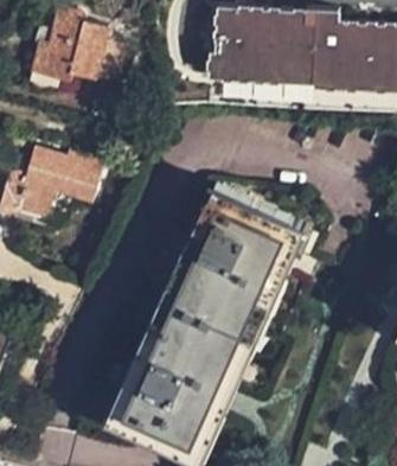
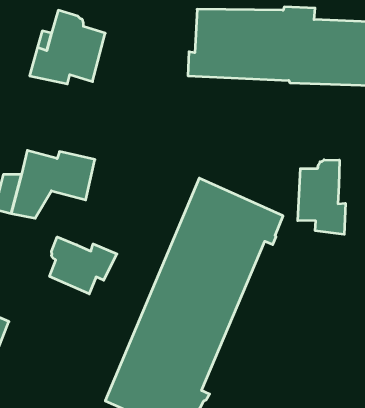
building: none -> [298,160,345,234]
building: none -> [50,237,117,294]

